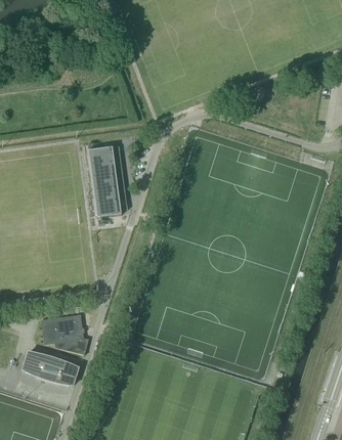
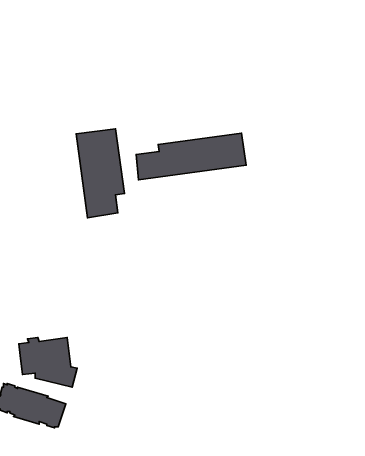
building: none -> [136,133,246,180]

